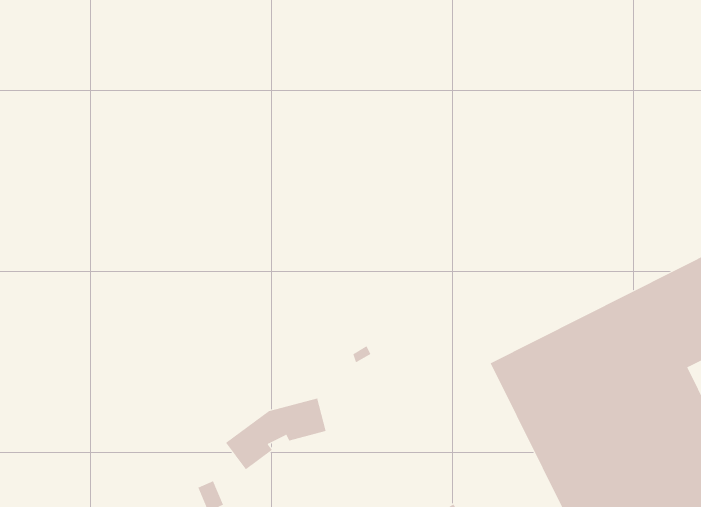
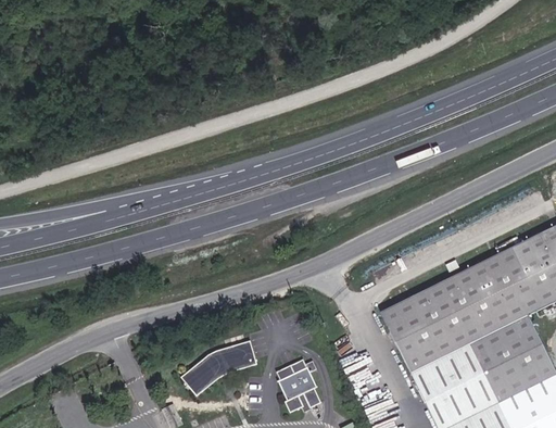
building: none -> [278,365,318,415]

